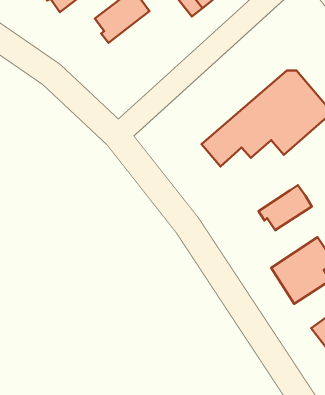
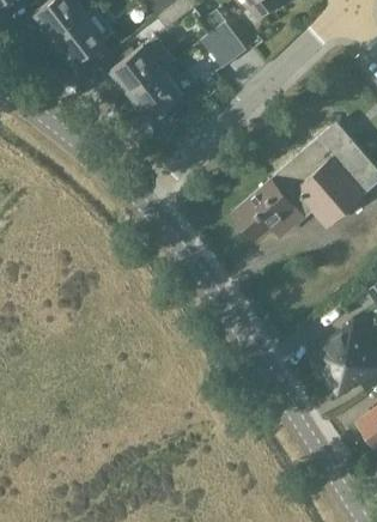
building: none -> [128,71,183,122]
building: [258,185,312,230] -> none

